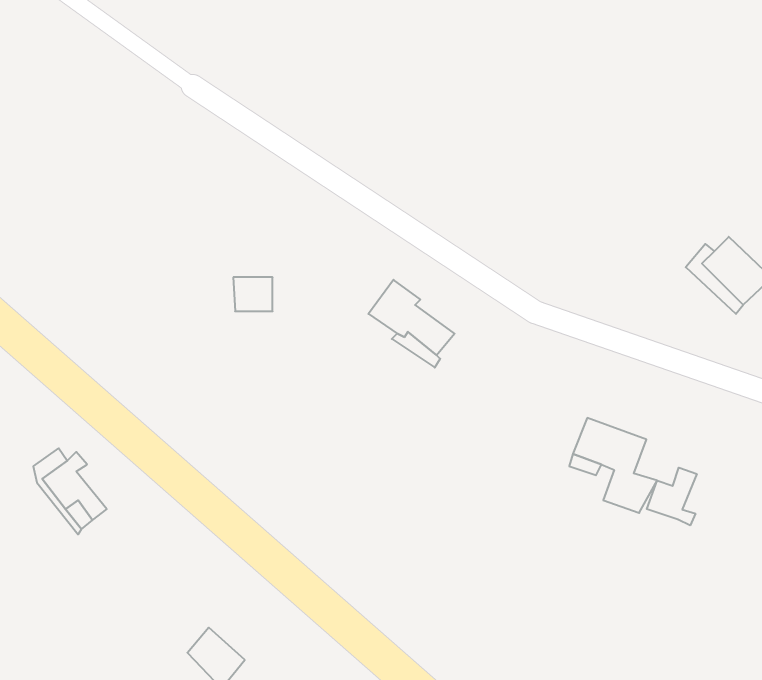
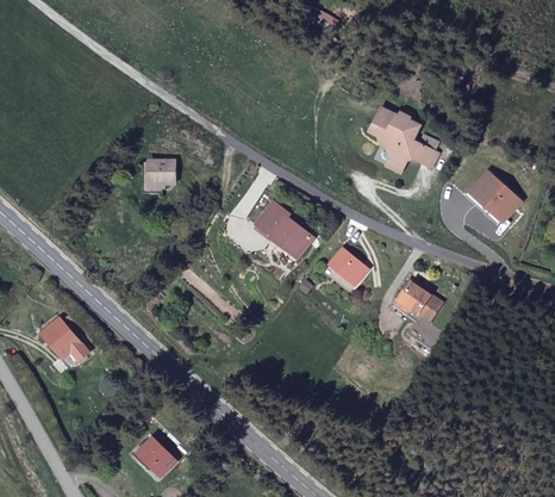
building: none -> [372,107,439,170]
building: [233,277,273,311] -> [149,163,175,186]
building: none -> [337,246,375,279]
building: [647,468,697,525] -> none

